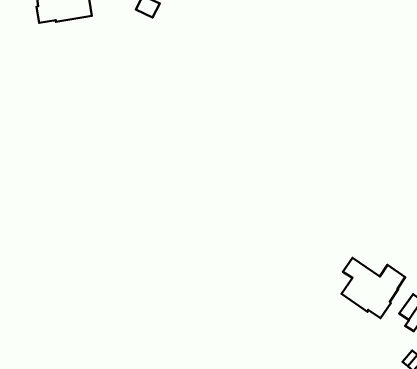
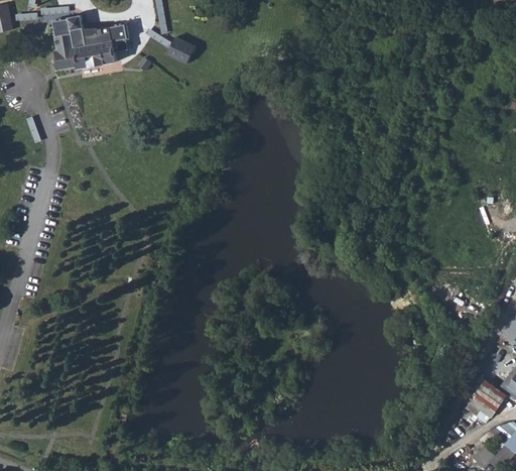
building: [342,258,405,318] -> none

